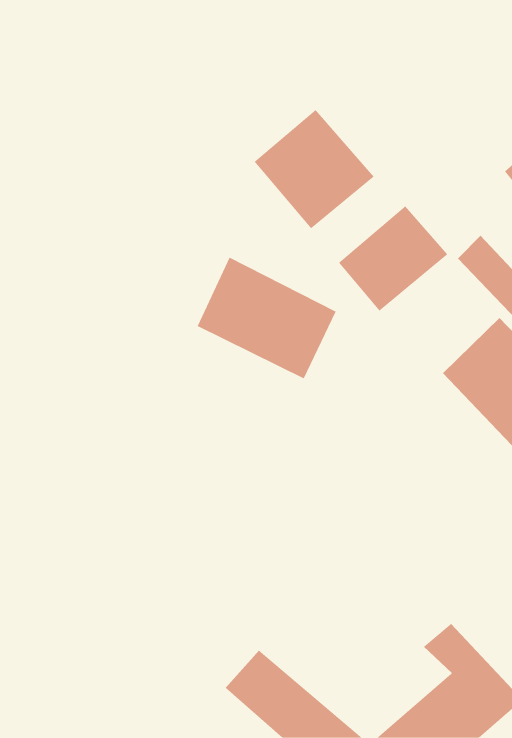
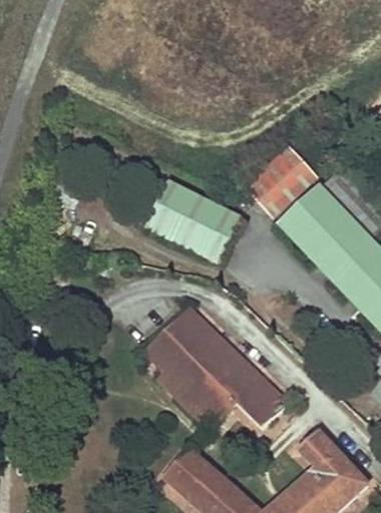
building: [254,109,375,229] -> none
building: none -> [280,187,346,252]
building: none -> [147,308,289,427]

